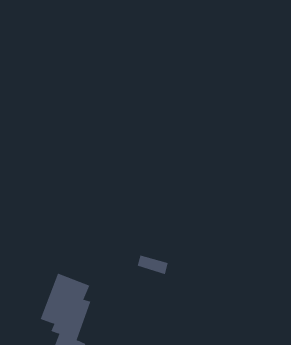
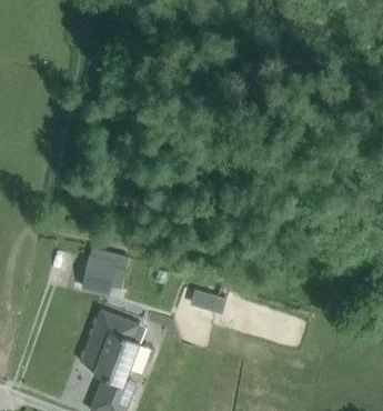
building: none -> [81,247,129,293]

